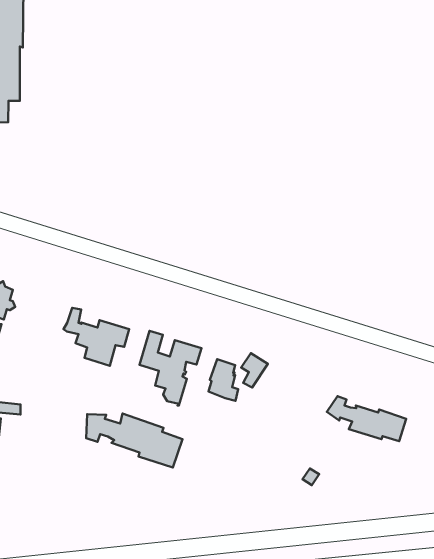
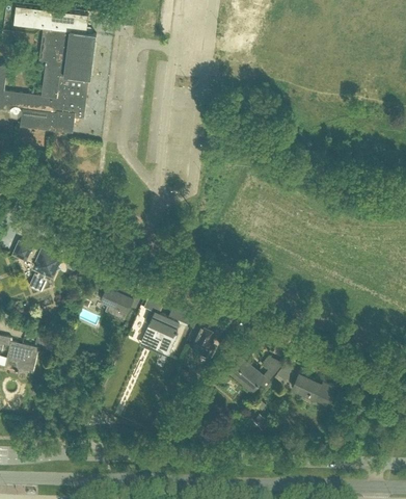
building: none -> [226,356,282,389]
building: [86,413,183,467] -> none

